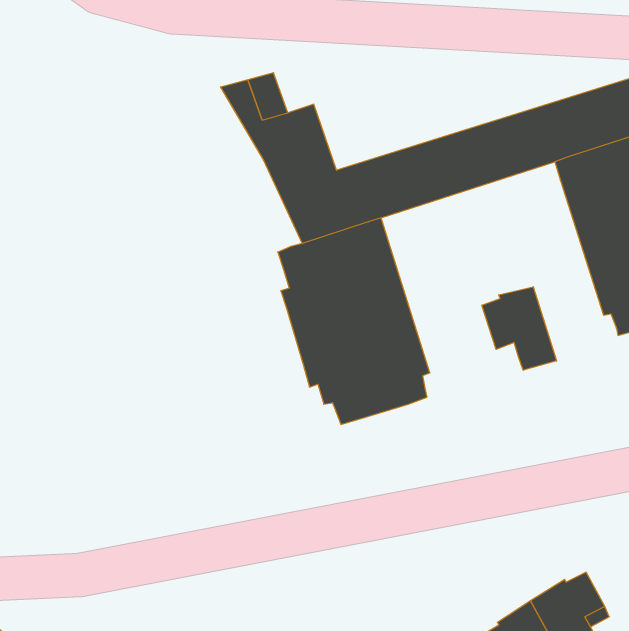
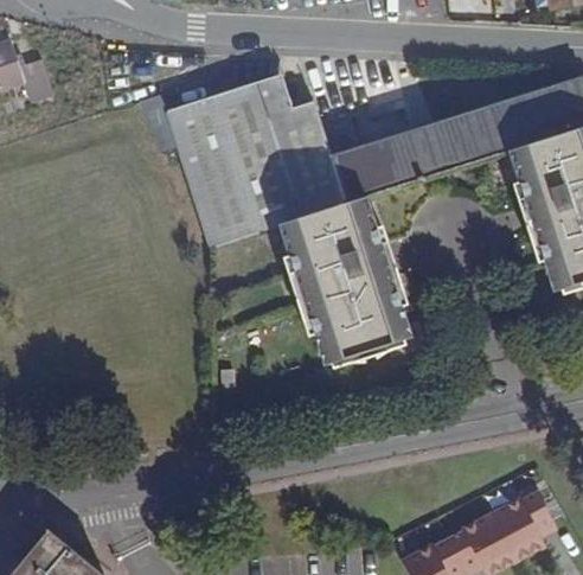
building: none -> [139,87,302,245]
building: [482,287,557,370] -> none

